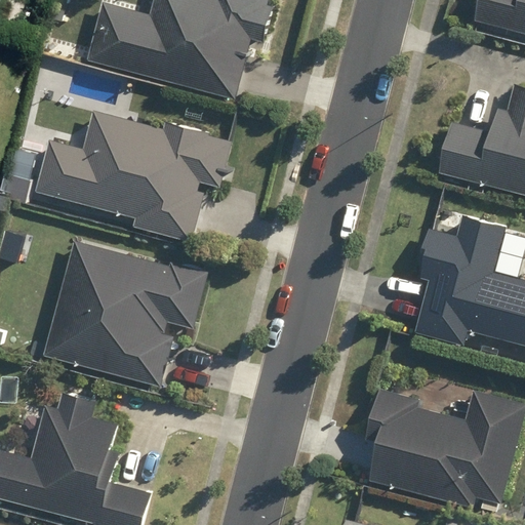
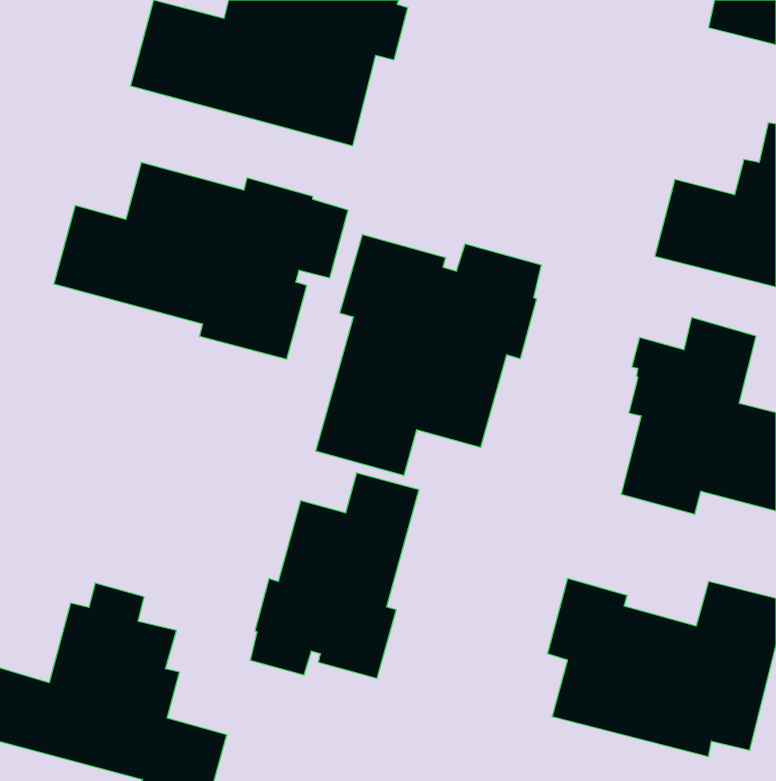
building: none -> [316,234,541,476]
building: [43,241,209,387] -> none
building: none -> [250,473,419,678]

